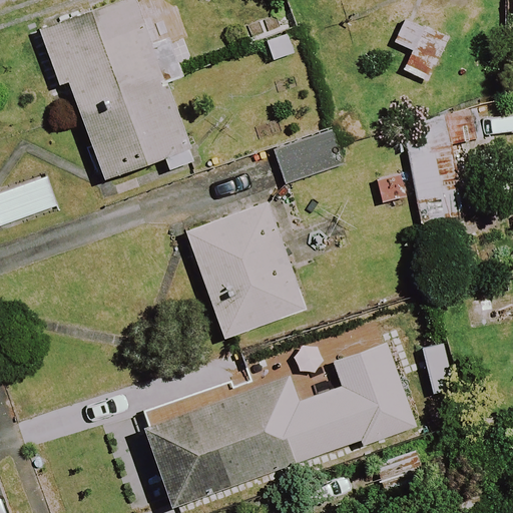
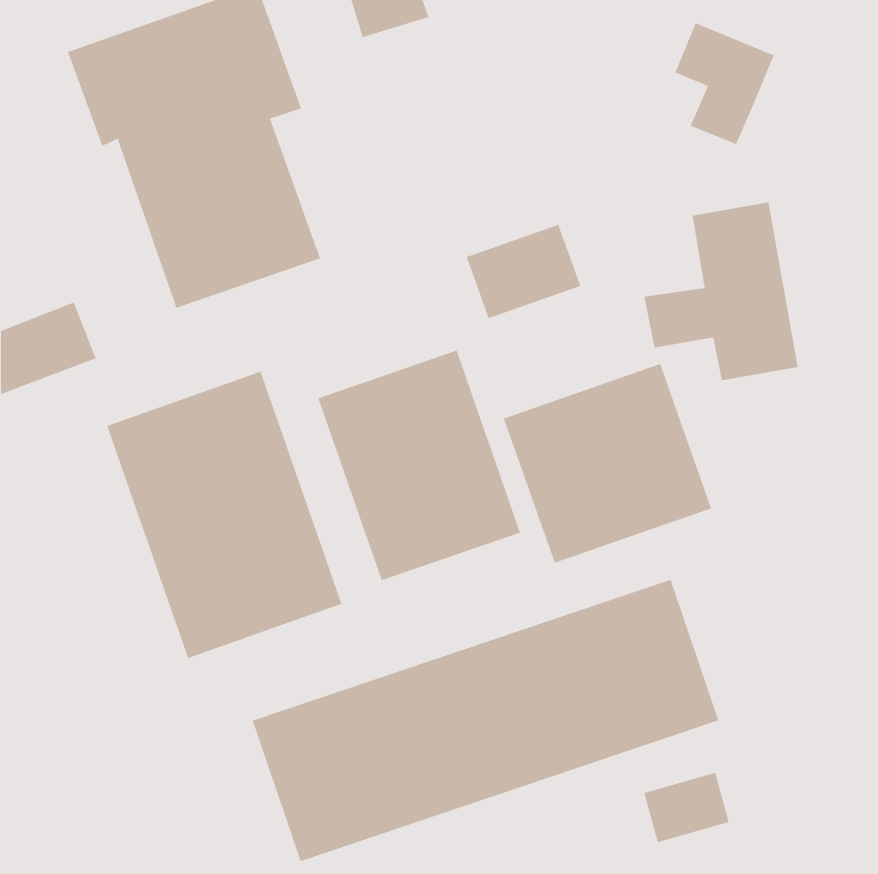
building: none -> [503,363,712,564]
building: none -> [106,371,342,659]

